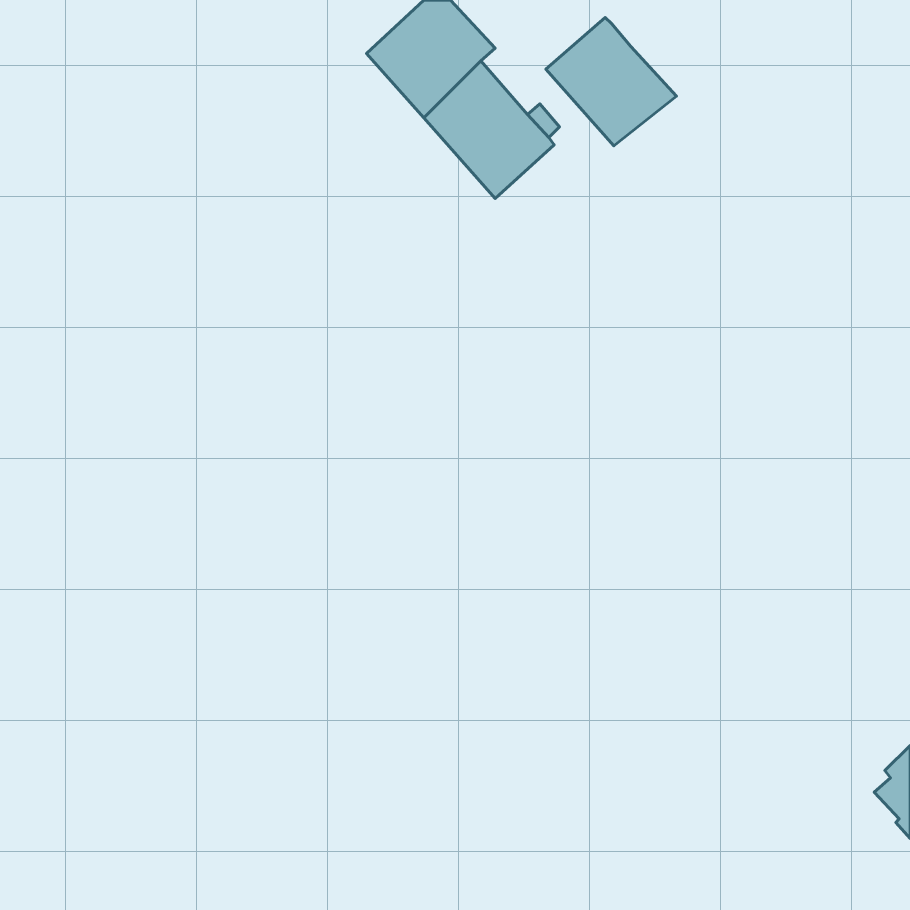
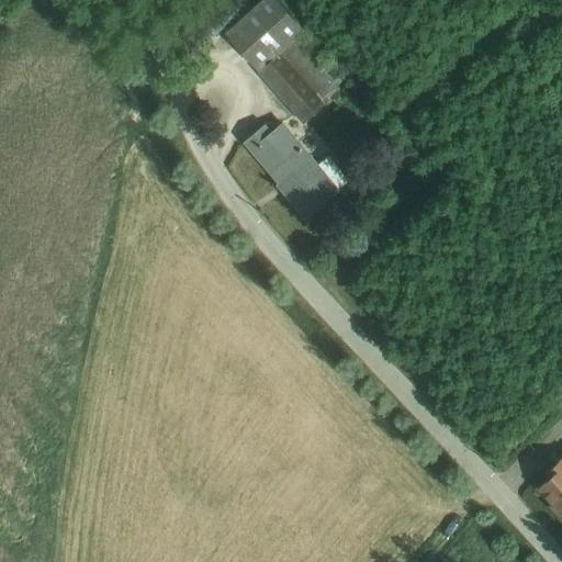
building: [546,18,676,146] -> none
building: none -> [245,123,348,218]

